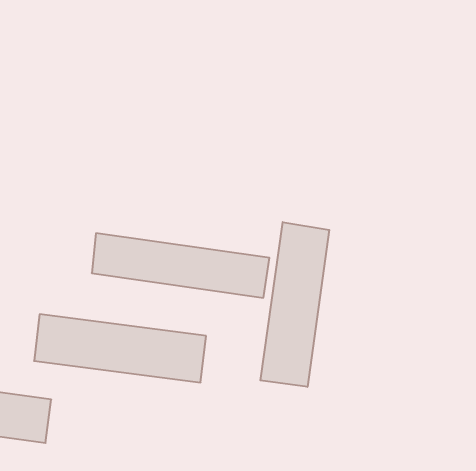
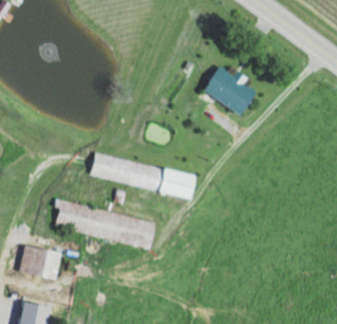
building: none -> [205,65,258,113]
building: [260,222,329,387] -> none

